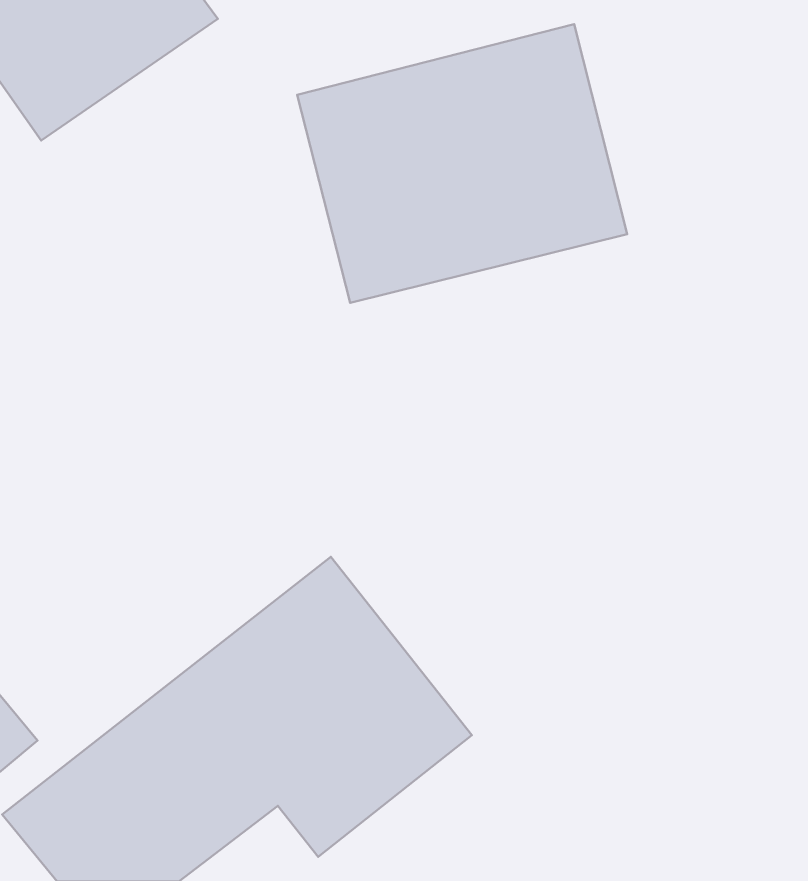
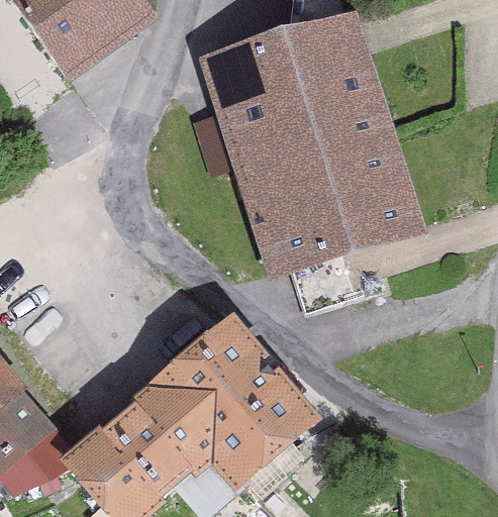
building: none -> [232,136,416,277]

